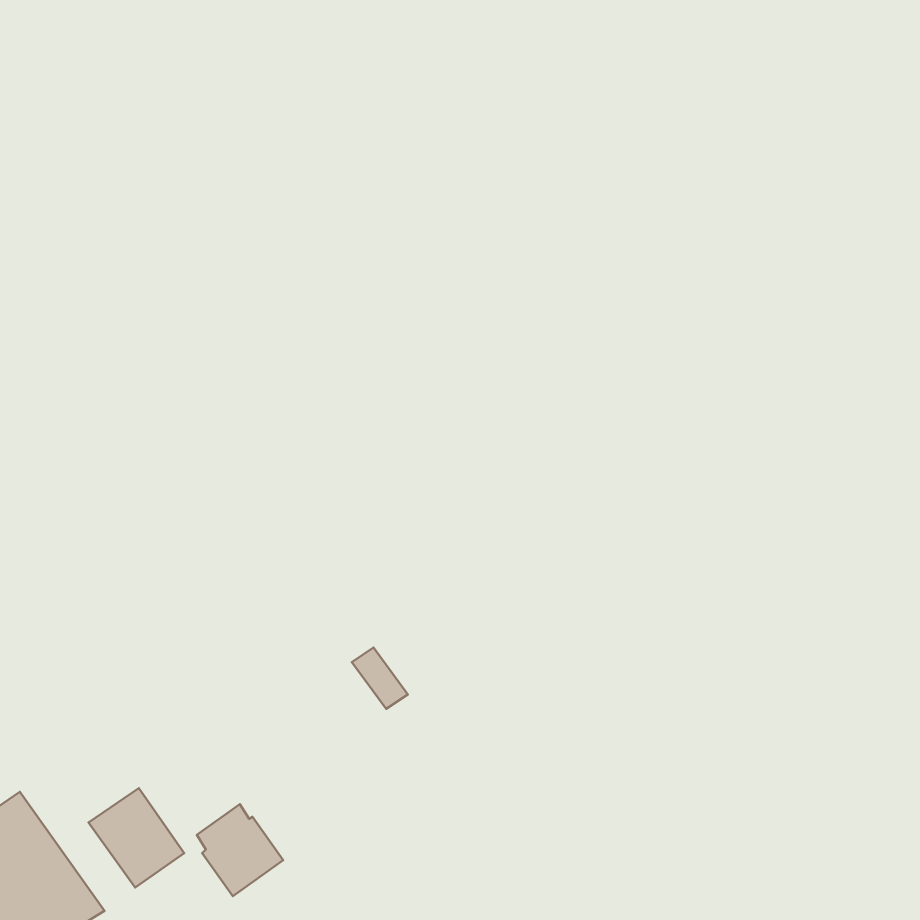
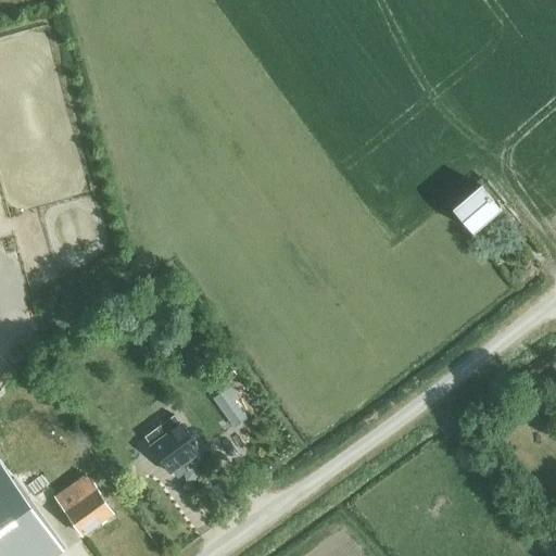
building: none -> [451,188,497,233]
building: [197,804,283,896] -> [147,417,199,472]

